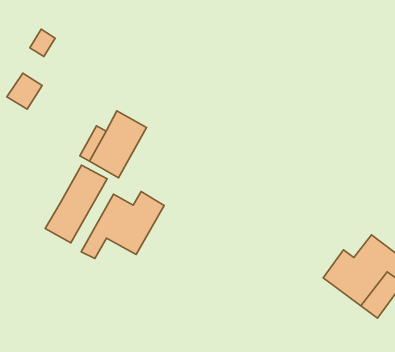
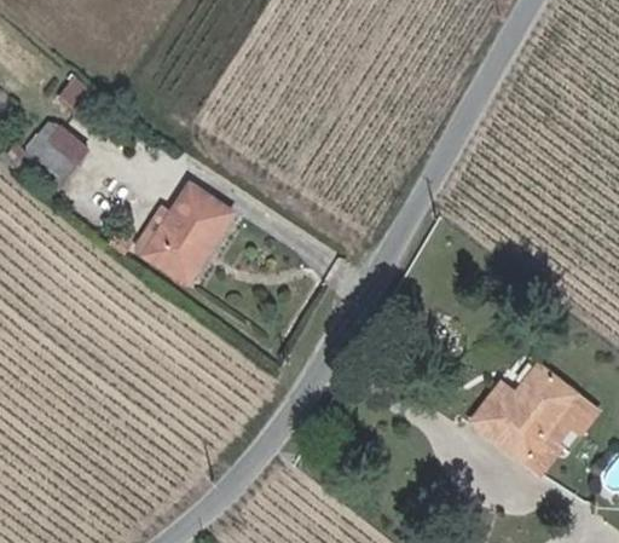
building: [45,165,107,243] -> none
building: [81,191,164,258] -> none

